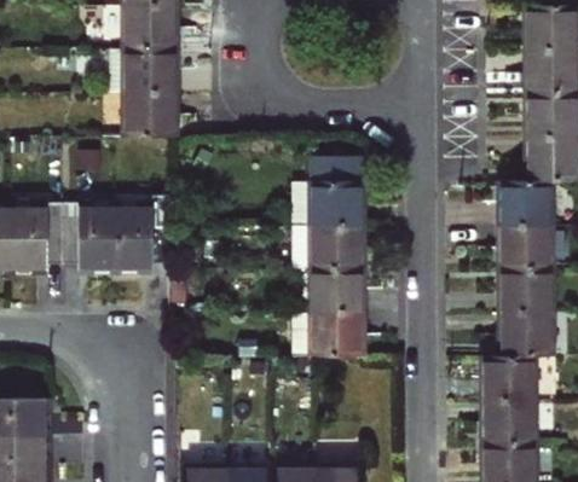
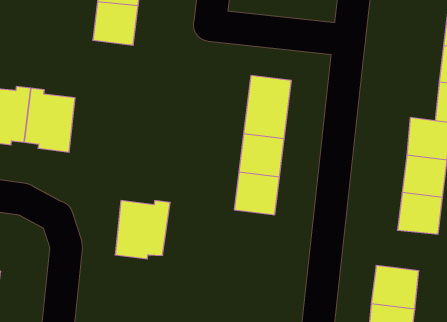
building: [114,202,170,269] -> [115,201,170,259]
building: [502,310,550,355] -> none
building: [312,312,359,356] -> none

